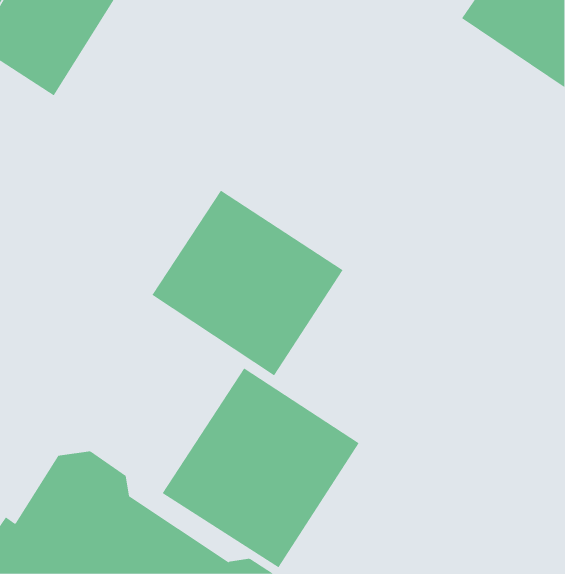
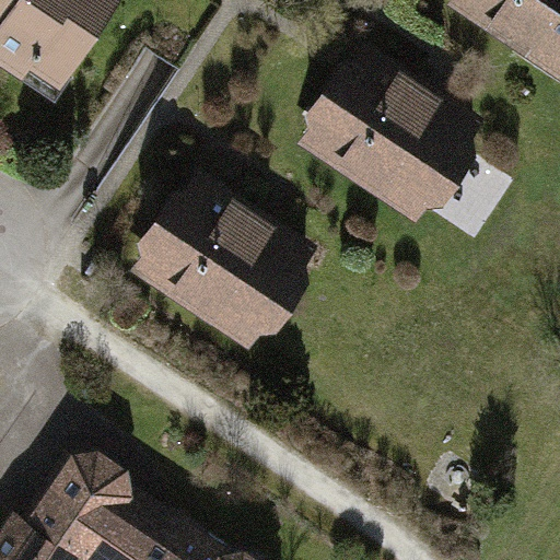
building: none -> [300,51,488,233]
building: [162,368,360,568] -> none

